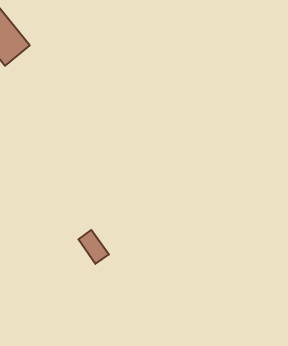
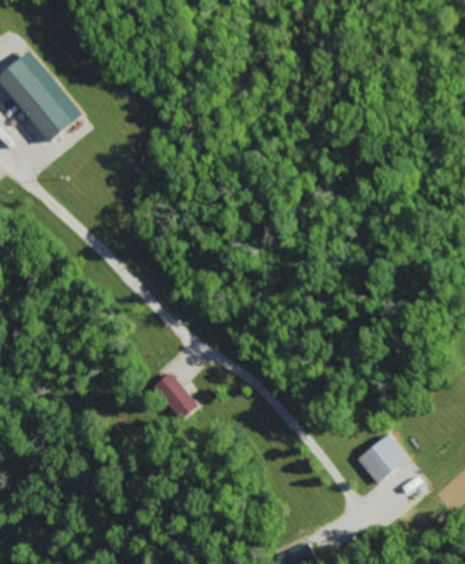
building: none -> [354,434,407,483]

